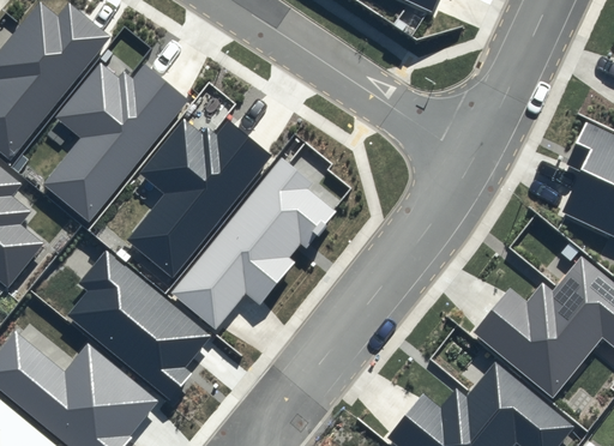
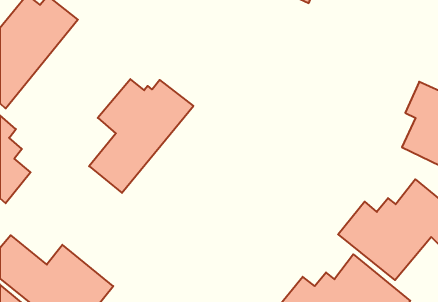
building: [42,61,187,218] -> none
building: [168,153,336,326] -> none
building: [68,253,210,403] -> none

